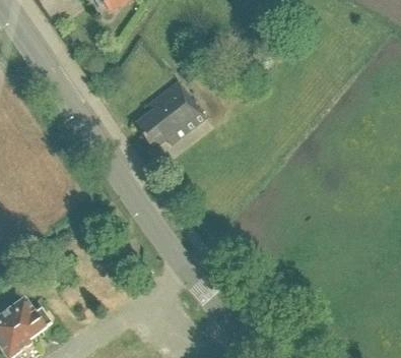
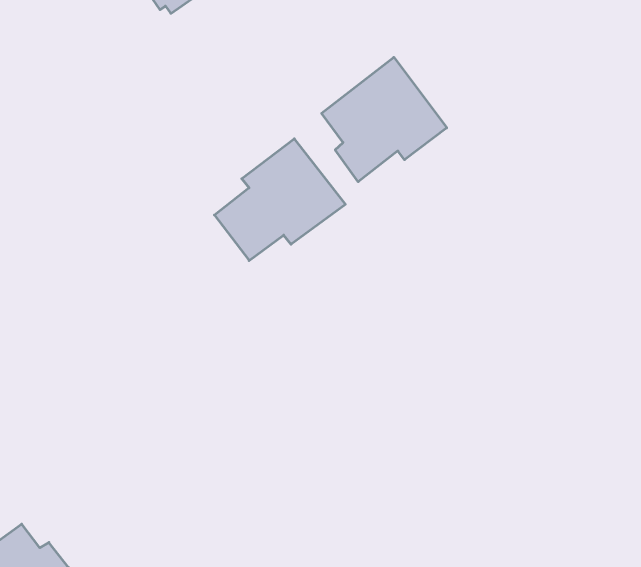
building: none -> [322,57,447,182]

